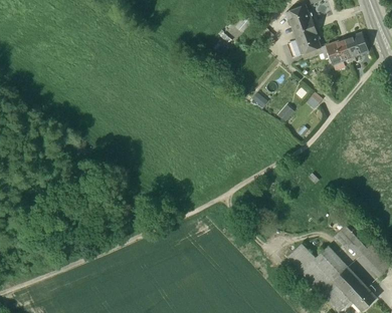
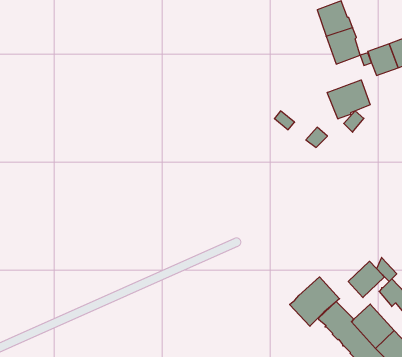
building: none -> [327,80,370,119]
building: none -> [348,261,384,298]
building: none -> [290,277,340,326]

